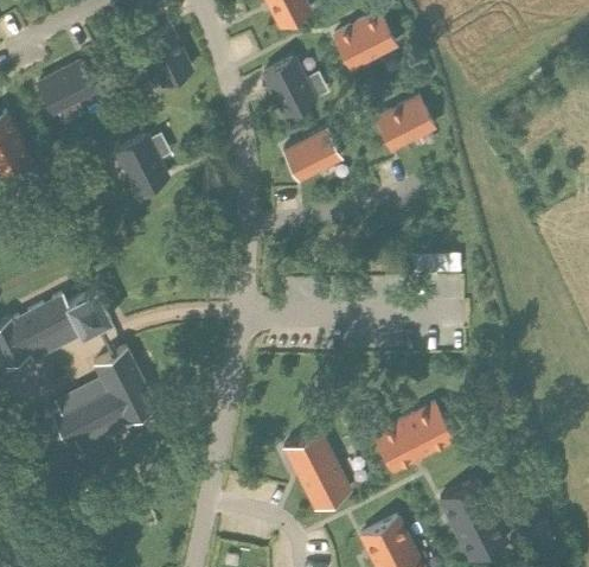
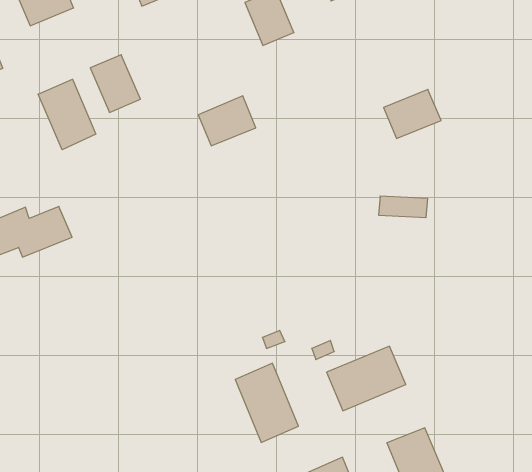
building: [377,100,435,151] -> [384,89,441,138]
building: [283,130,341,183] -> [198,96,256,146]
building: none -> [38,79,96,150]
building: [52,350,156,447] -> none

